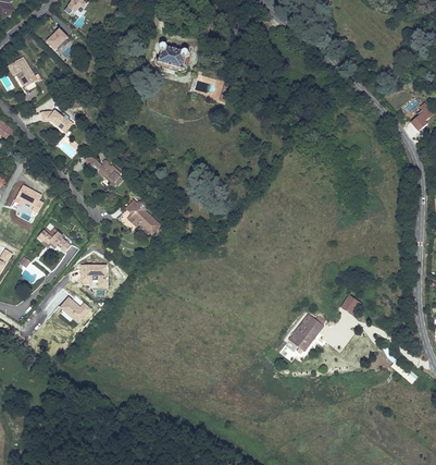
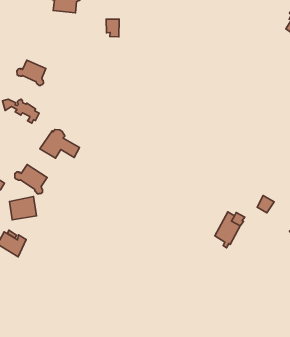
building: none -> [17,60,46,86]
building: none -> [15,165,47,194]

